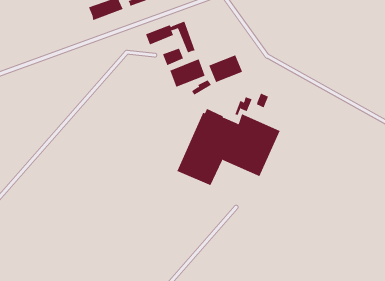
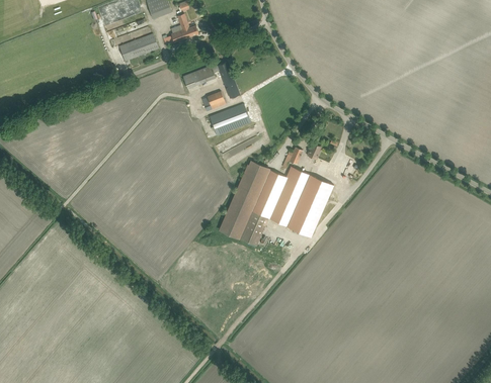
building: [209,55,243,83] -> none

